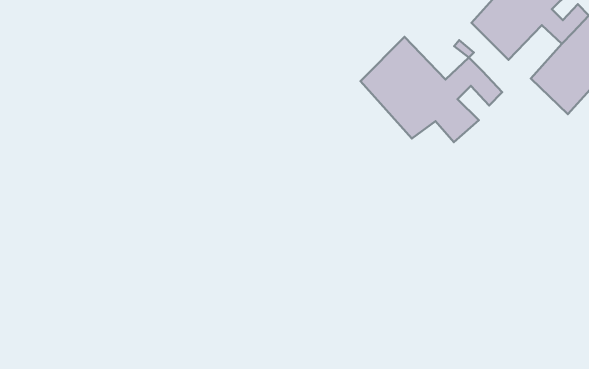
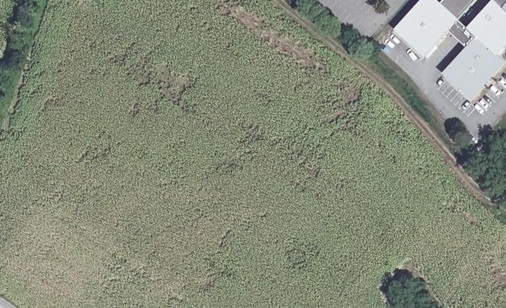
building: [360,37,502,142] -> none

